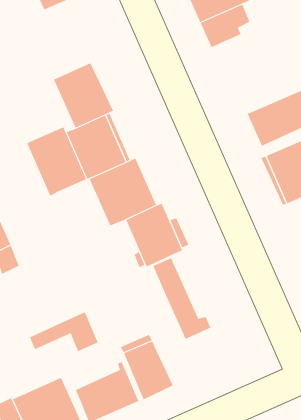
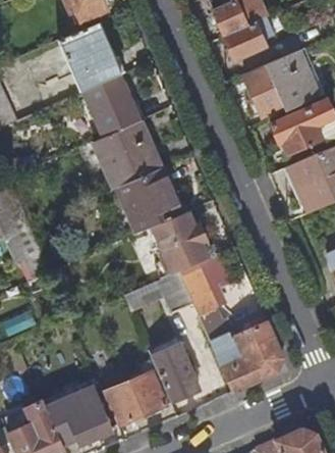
building: none -> [57,22,120,92]
building: none -> [242,50,318,116]
building: [27,126,87,197] -> none
building: none -> [221,315,283,392]
building: [29,312,98,352] -> [123,271,190,310]

